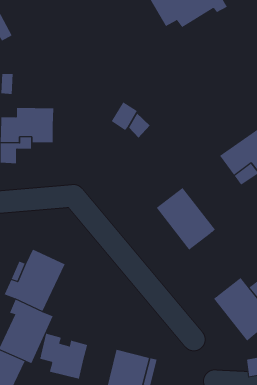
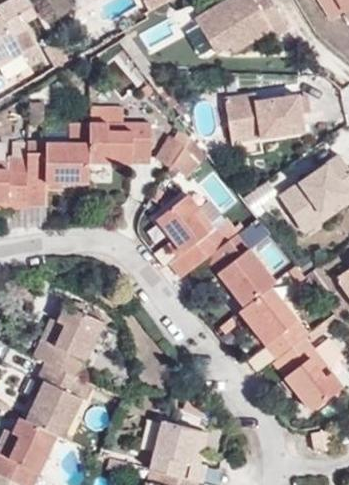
building: none -> [228,93,306,139]
building: none -> [88,121,151,163]
building: none -> [156,194,237,270]
building: none -> [238,286,307,359]
building: [40,333,88,380] -> none

